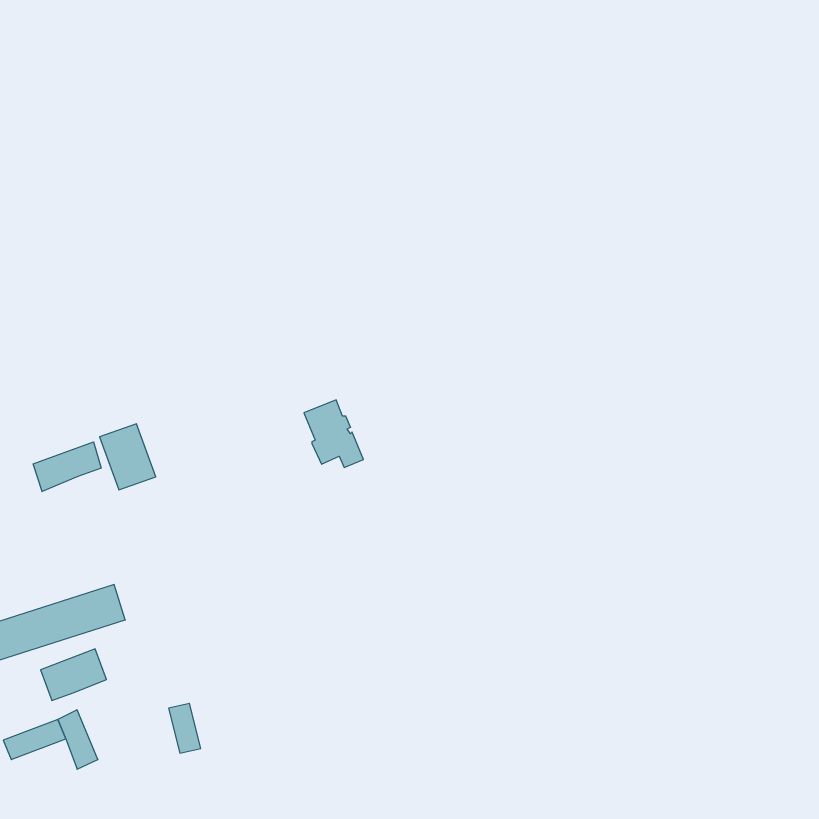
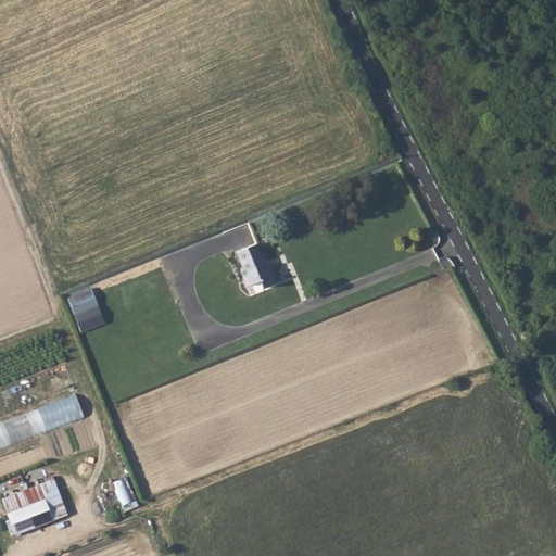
building: [304,400,363,467] -> [235,242,275,288]
building: [33,442,101,492] -> none
building: [41,649,106,700] -> [8,500,52,534]

